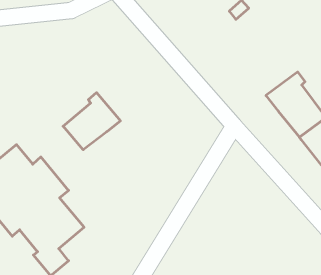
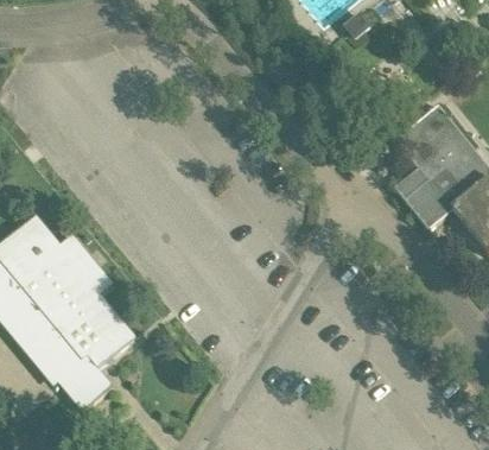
building: [63,93,120,150] -> none
building: none -> [392,166,449,227]

